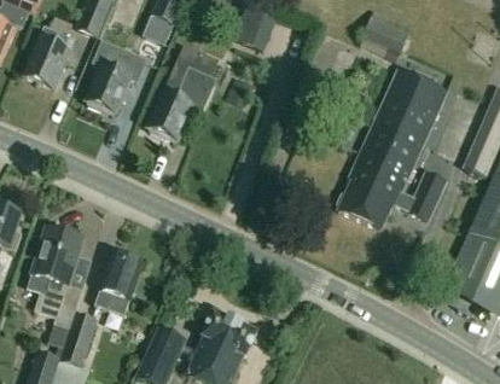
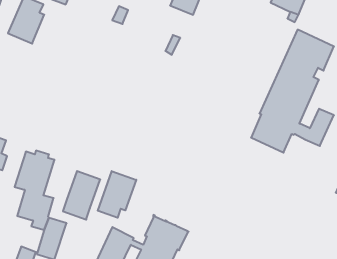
building: [86,37,147,111] -> none
building: [149,45,220,139] -> none
building: none -> [98,171,136,218]

